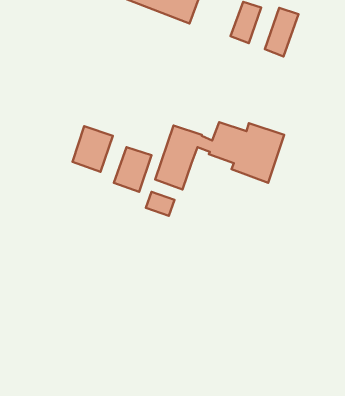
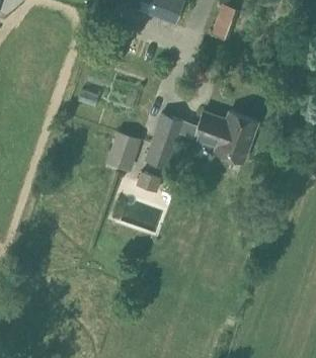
building: [265,8,298,57] -> none
building: [73,126,113,172] -> none

